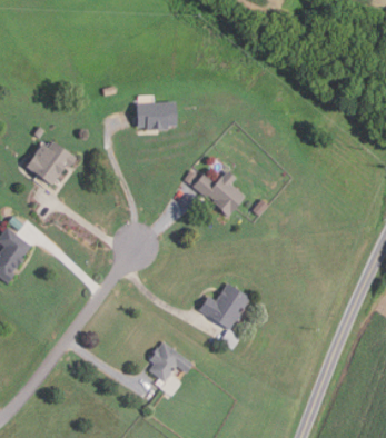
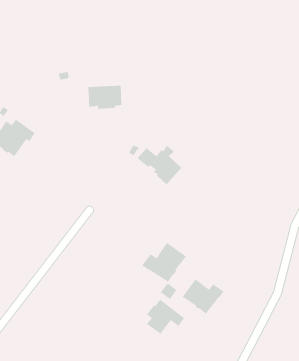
building: none -> [182,278,224,315]
building: [147,341,191,382] -> [146,299,185,334]

